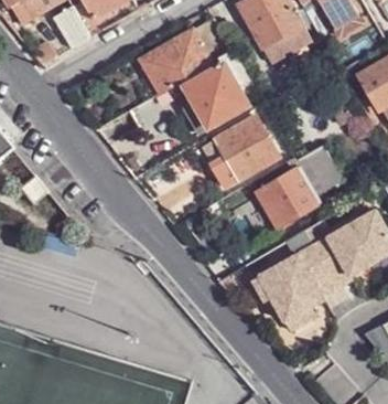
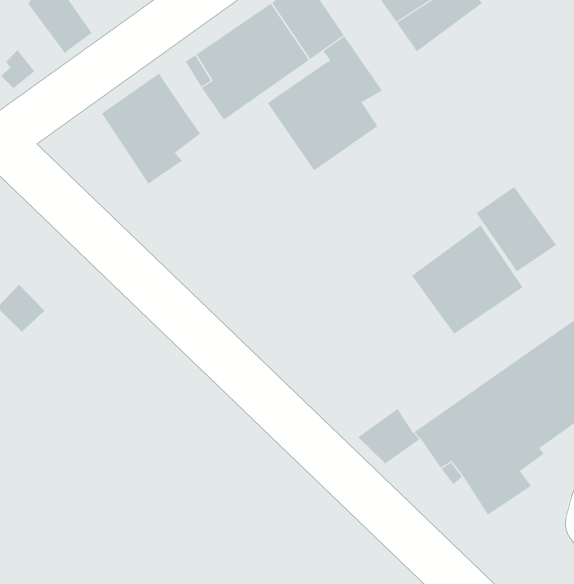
building: none -> [101,73,201,185]
building: [211,116,279,187] -> none

